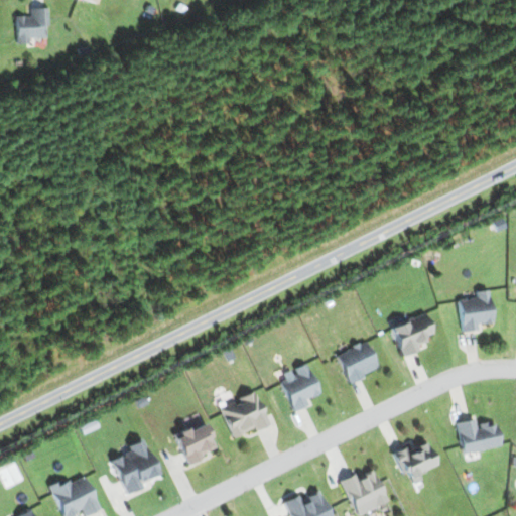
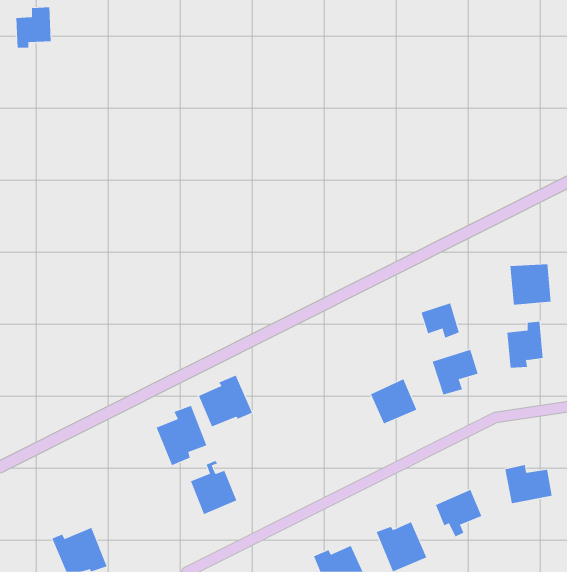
building: none -> [510,263,551,306]
building: none -> [421,303,460,338]
building: [281,363,321,411] -> none
building: [222,390,271,437] -> [198,375,253,427]
building: [113,439,159,494] -> [156,405,207,466]

